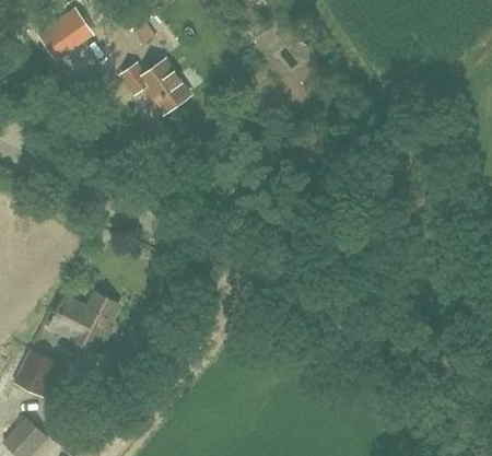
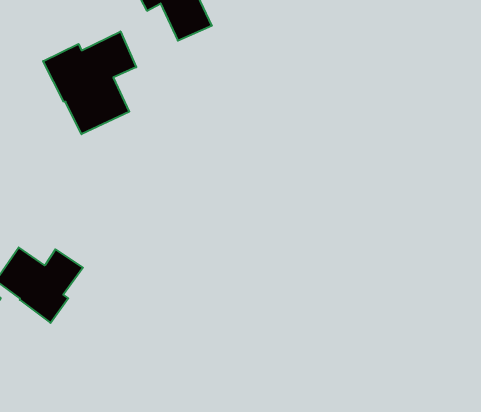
building: none -> [43,31,136,134]

